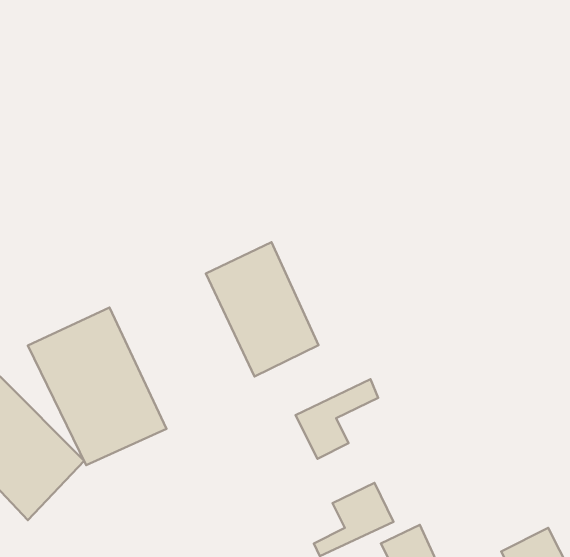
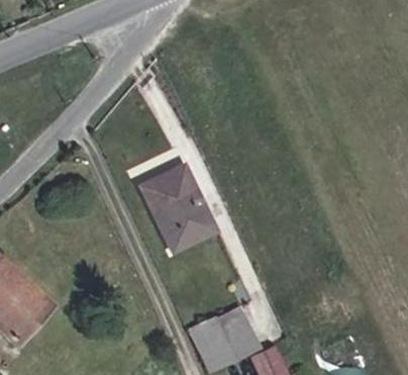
building: [28,308,167,465] -> none
building: [296,379,378,459] -> [194,309,247,361]

